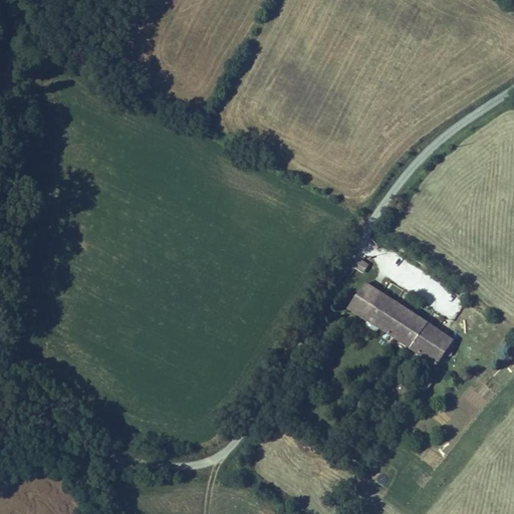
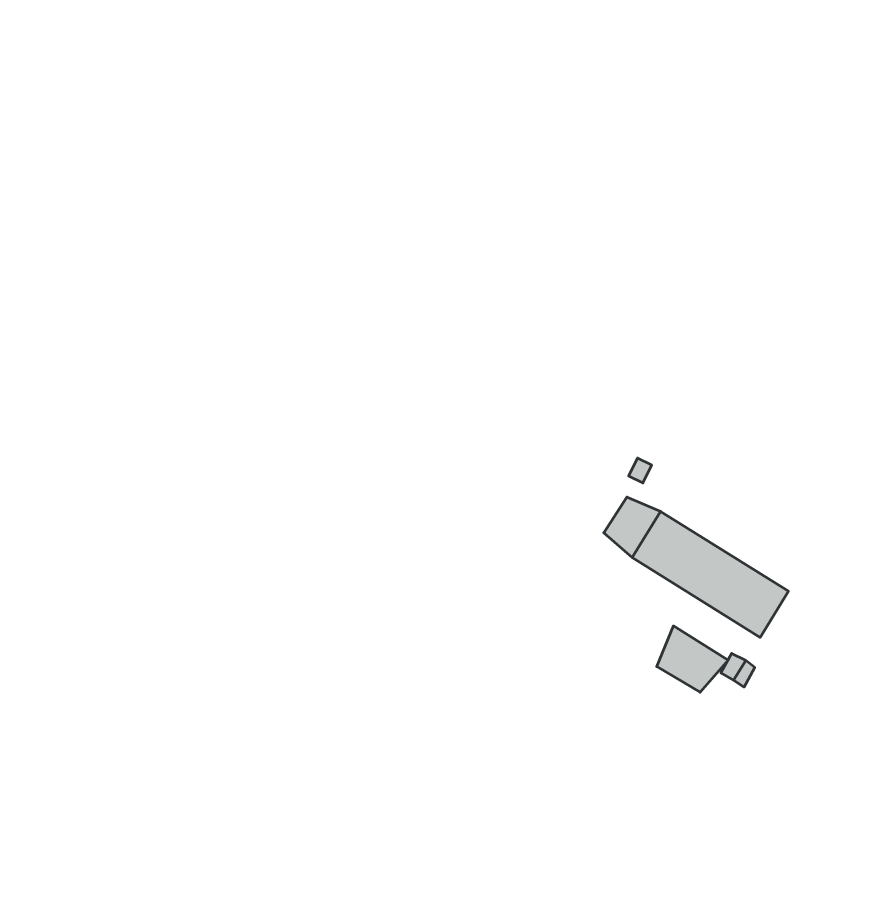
building: none -> [657,626,728,692]

